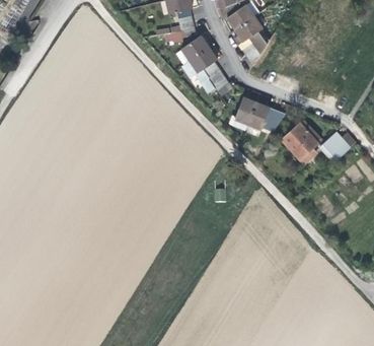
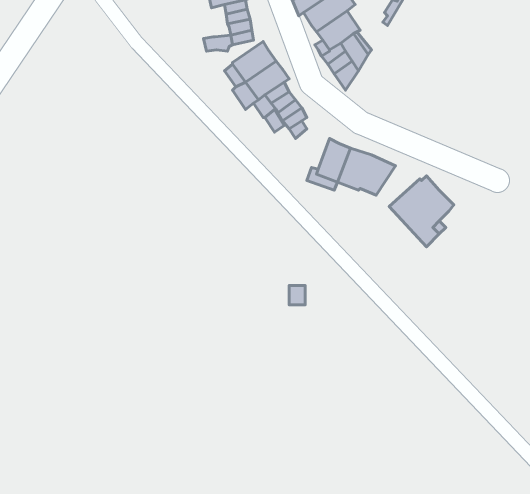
building: [319,132,356,162] -> none

